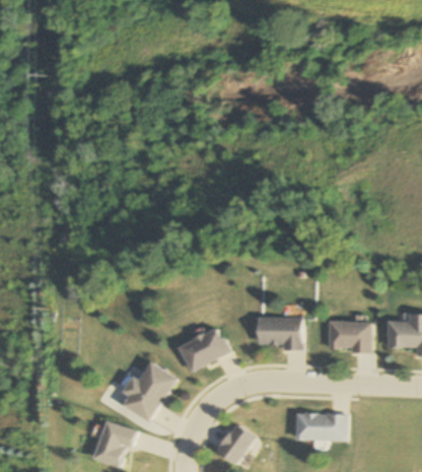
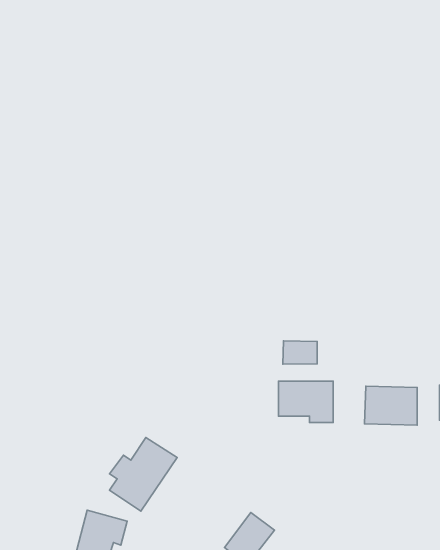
building: none -> [283,341,317,364]
building: [178,326,230,372] -> none
building: [294,413,346,440] -> none

